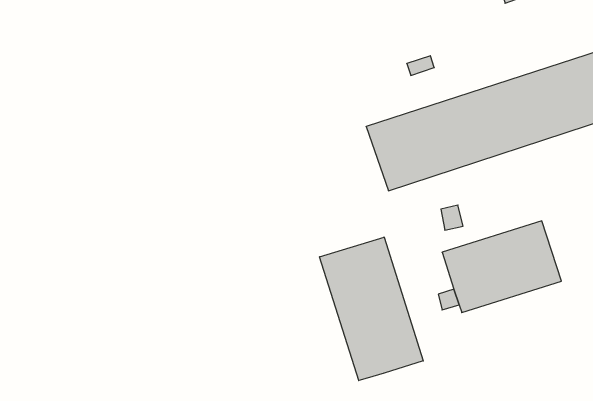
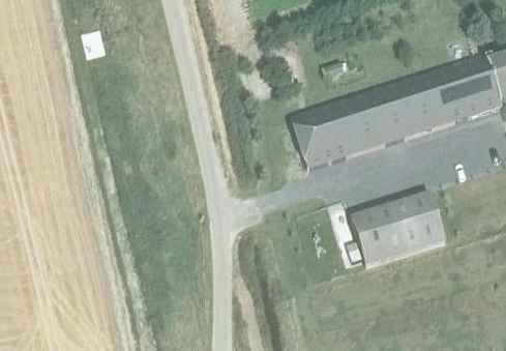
building: [320,237,423,381] -> none

